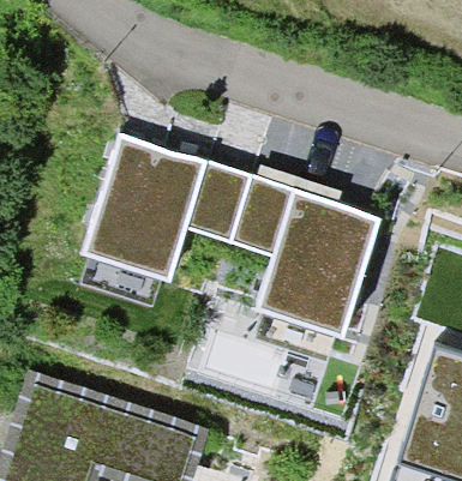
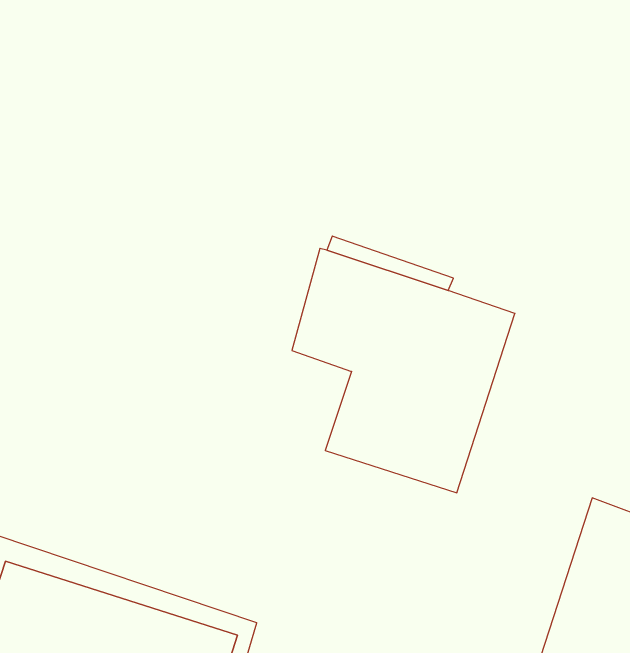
building: [80,133,250,282] -> none

